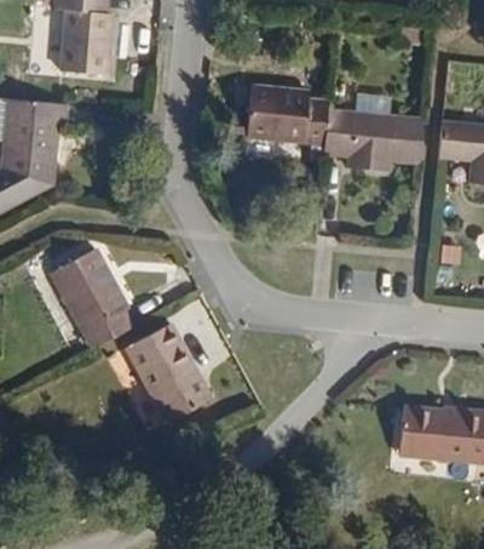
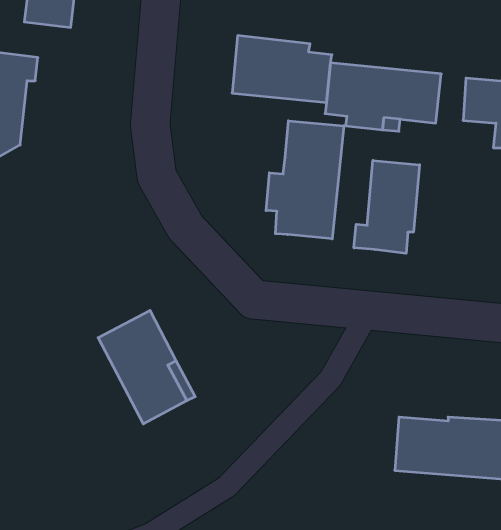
building: none -> [266,121,344,239]
building: none -> [354,160,420,253]
building: [47,250,131,354] -> none

